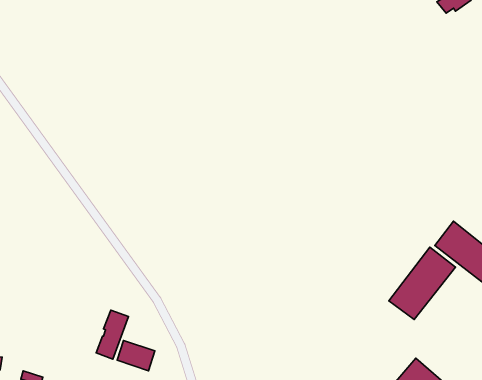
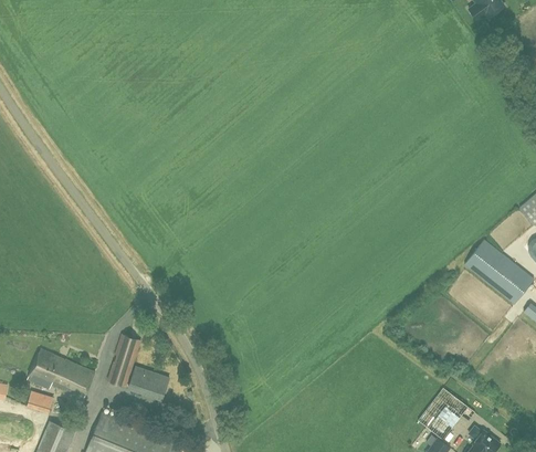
building: [389,247,455,320] -> none
building: none -> [27,346,94,399]

